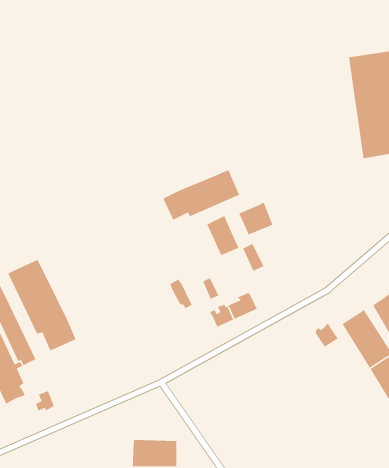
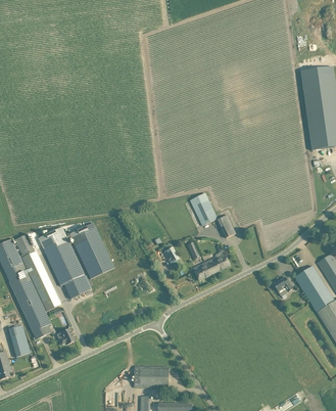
building: [162,169,240,221] -> none
building: [238,202,274,236] -> none
building: none -> [65,222,114,279]

